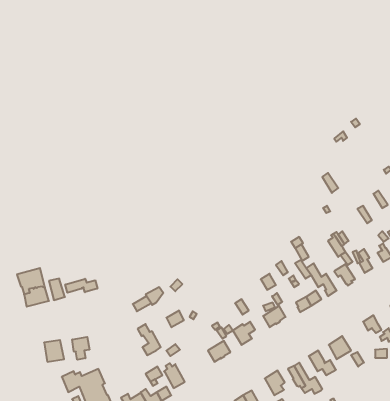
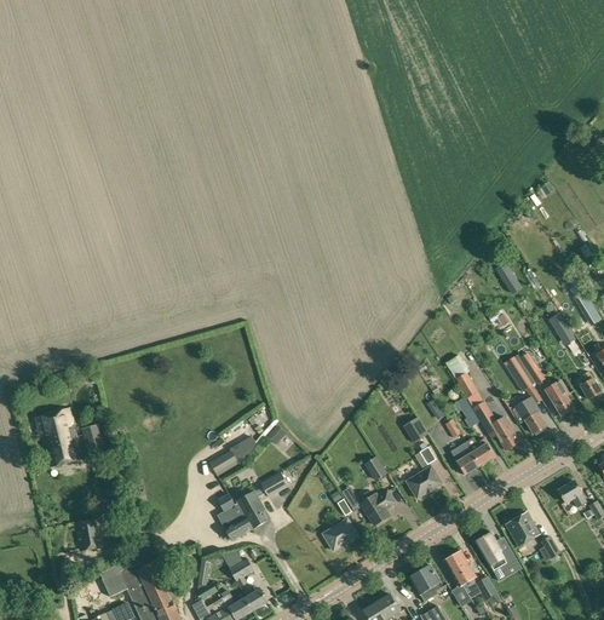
building: [65,279,97,293] -> none
building: [72,337,89,360] -> none
building: [164,363,185,388] -> [237,490,269,528]

